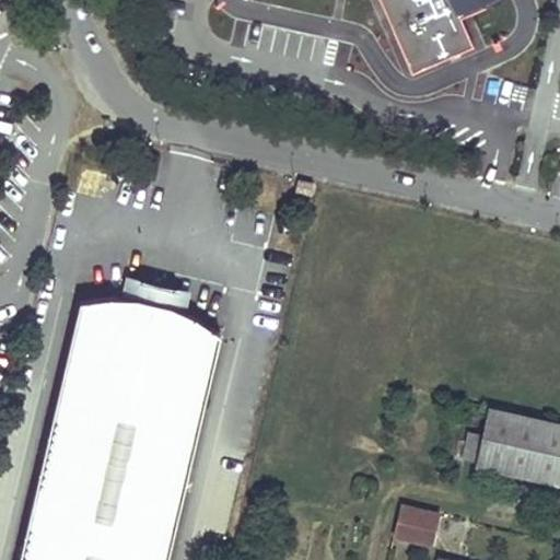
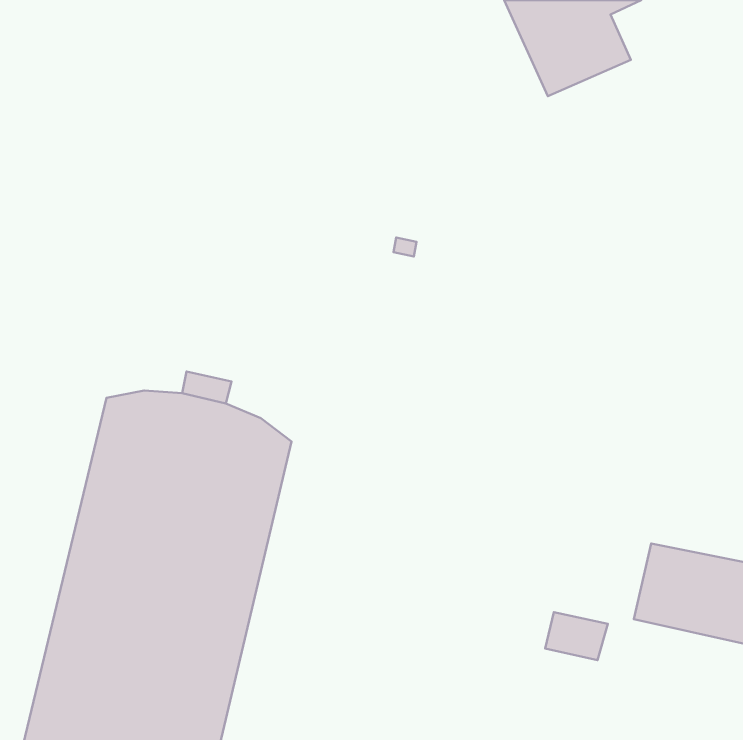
building: [395,511,442,547] -> [545,612,608,660]

